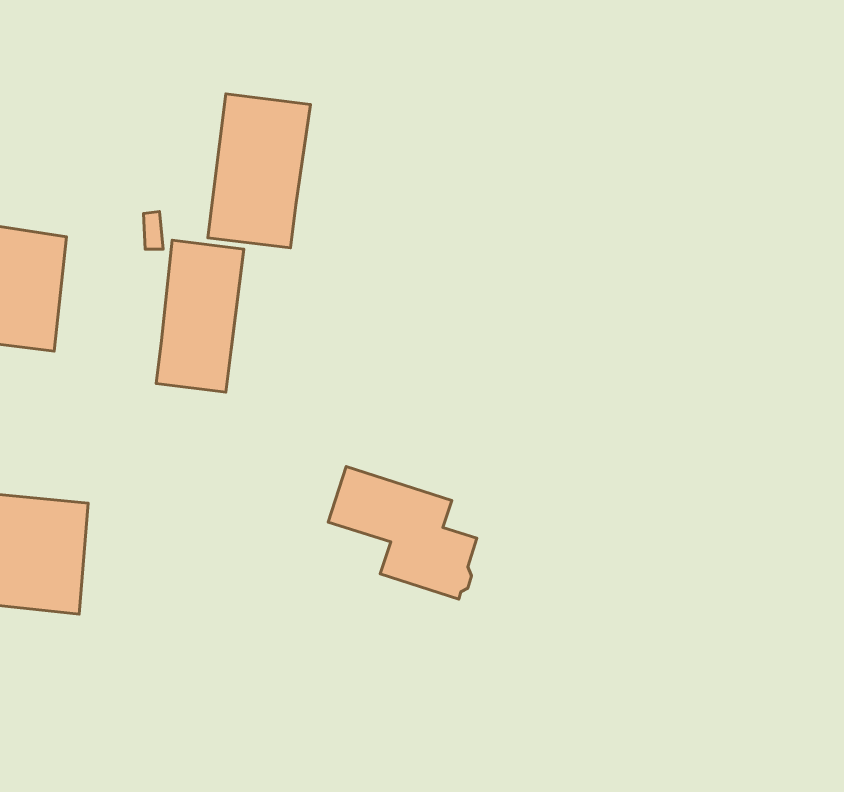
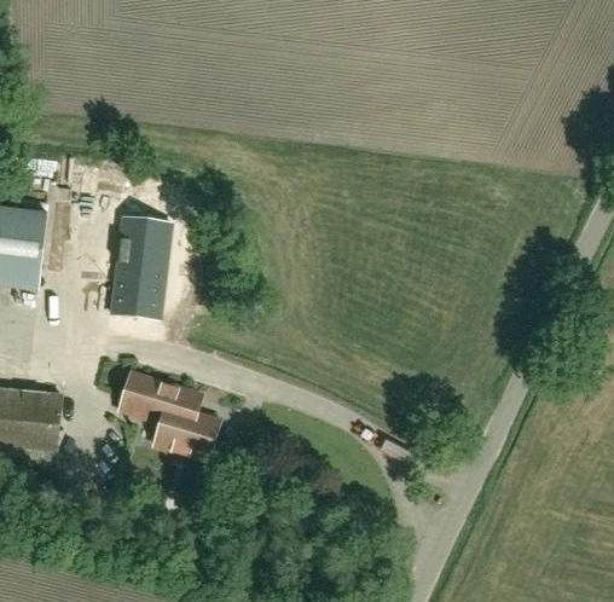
building: [208,94,310,248] -> none
building: [328,467,477,599] -> [120,372,220,462]

